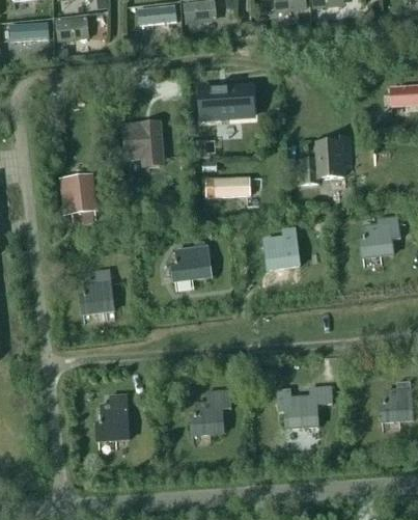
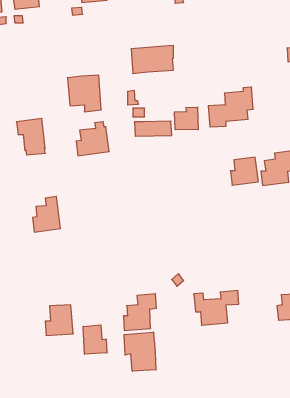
building: none -> [174,107,198,130]
building: [266,235,300,269] -> [230,157,258,185]
building: [171,240,212,281] -> [76,122,109,156]
building: none -> [83,325,107,354]
building: none -> [124,332,156,371]

